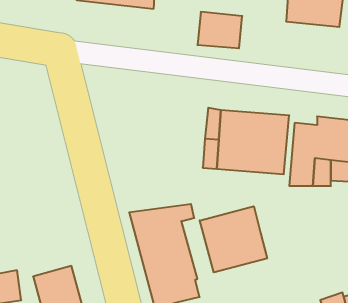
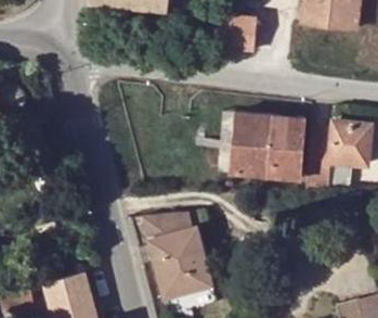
building: [200,206,267,272] -> none

